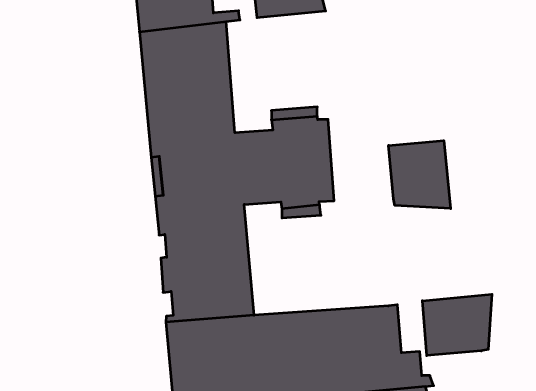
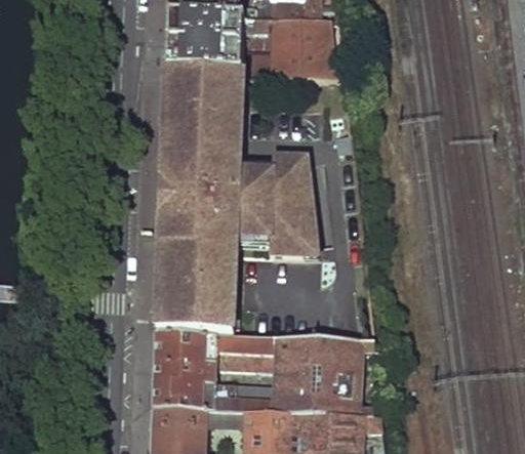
building: [389,141,451,209] -> none
building: [422,294,492,356] -> none

